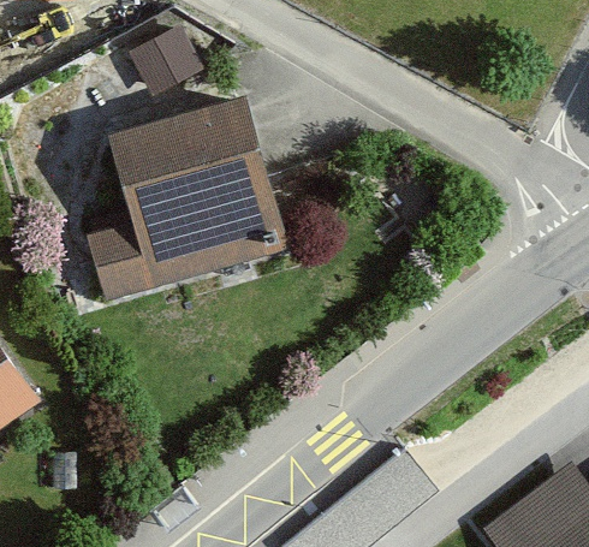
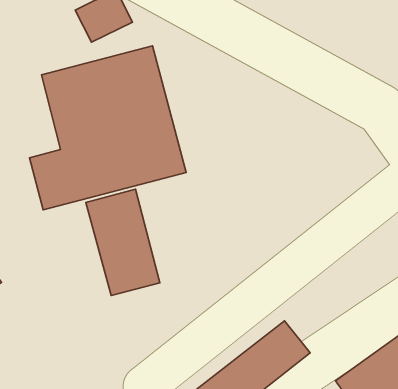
building: none -> [86,189,160,295]

